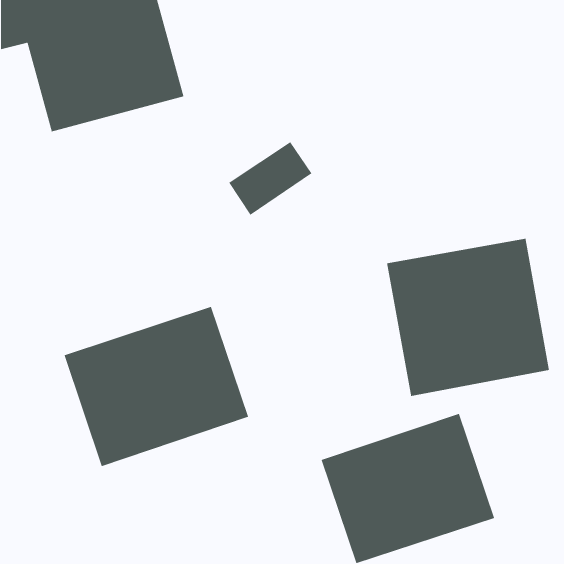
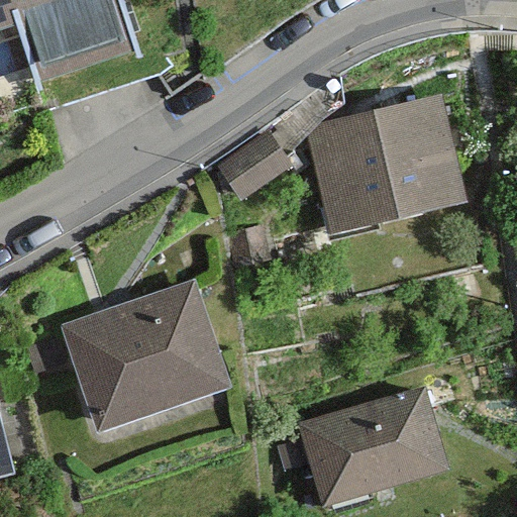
building: none -> [307,103,458,231]
building: [386,238,550,397] -> none

